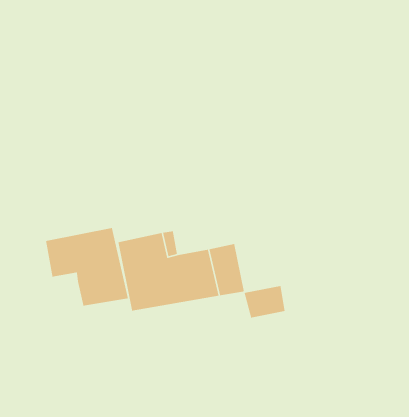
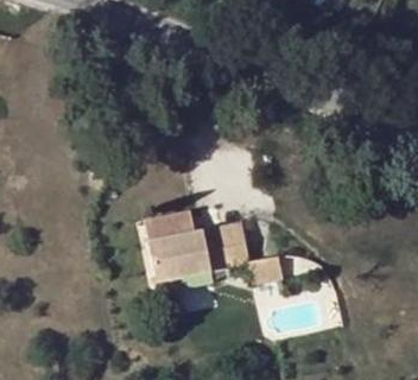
building: [45,227,129,307] -> none

